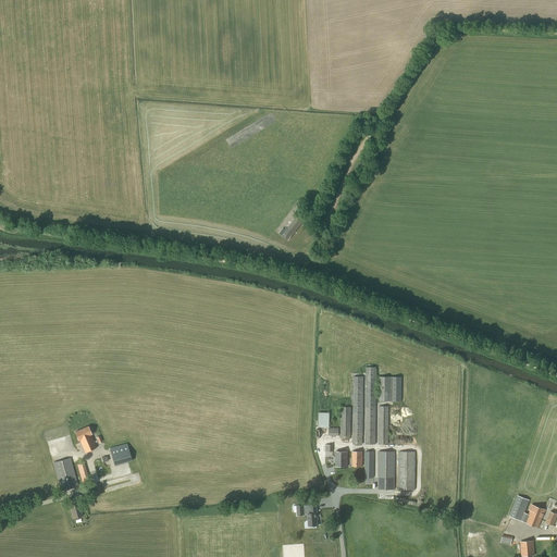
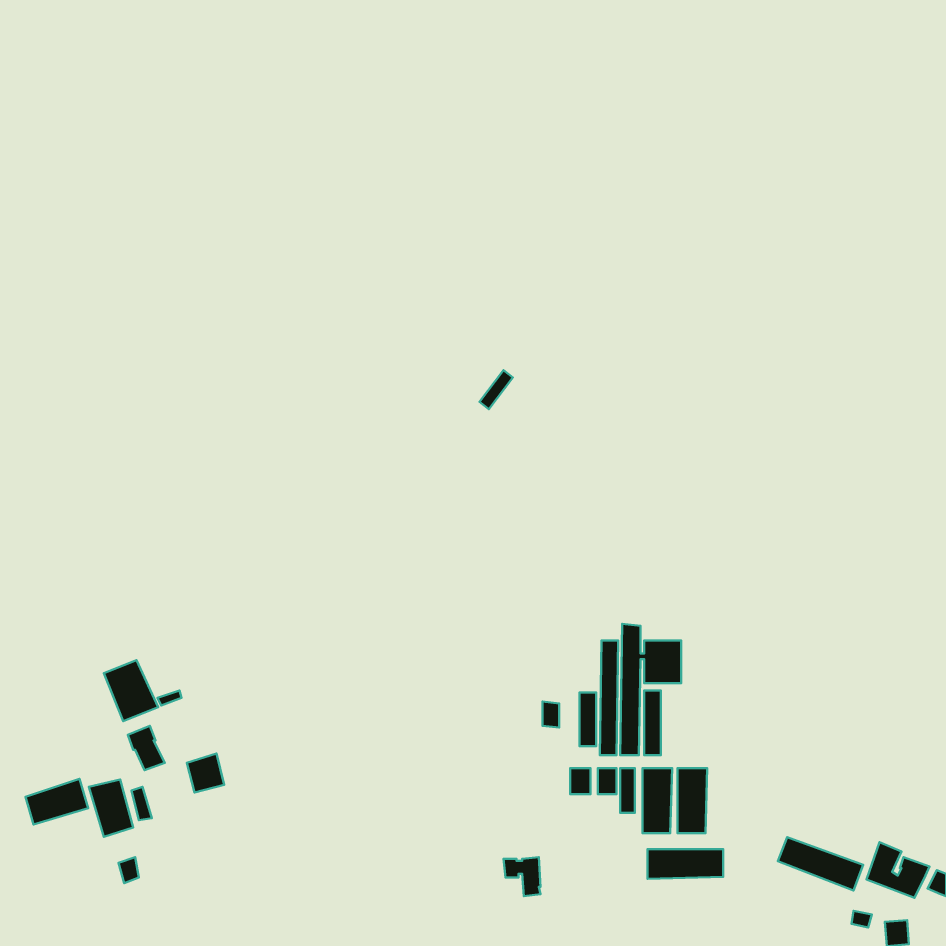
building: none -> [104,660,158,721]
building: none -> [26,779,88,824]
building: none -> [778,837,863,890]
building: none -> [648,849,723,879]

